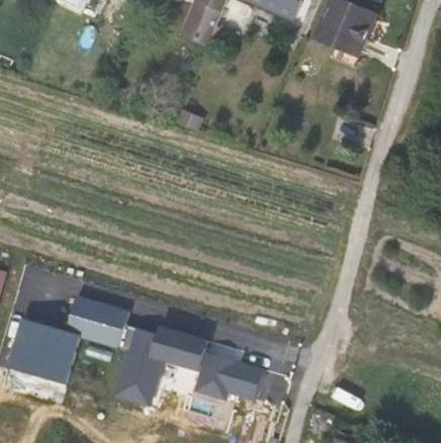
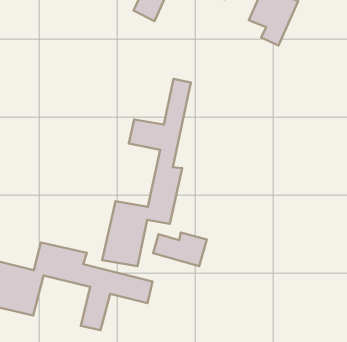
building: none -> [102,79,191,266]
building: [200,360,263,400] -> [153,232,207,266]

